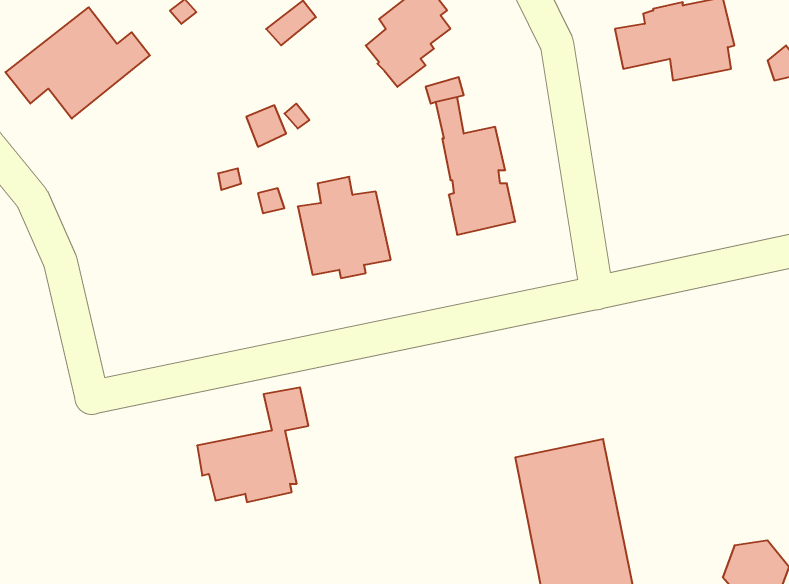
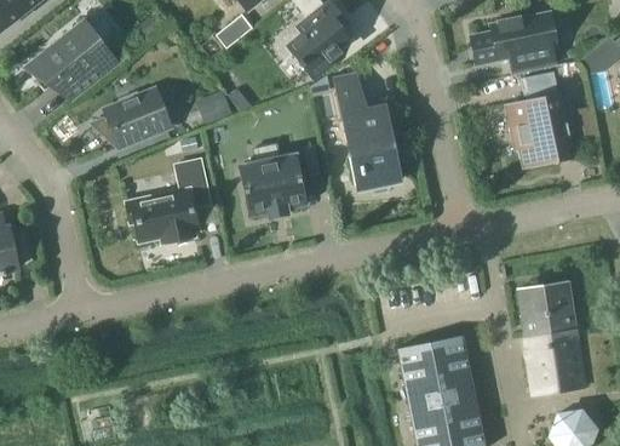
building: none -> [504,70,574,168]
building: none -> [102,90,170,145]
building: none -> [517,281,584,395]
building: [197,387,308,502] -> [126,159,207,242]

